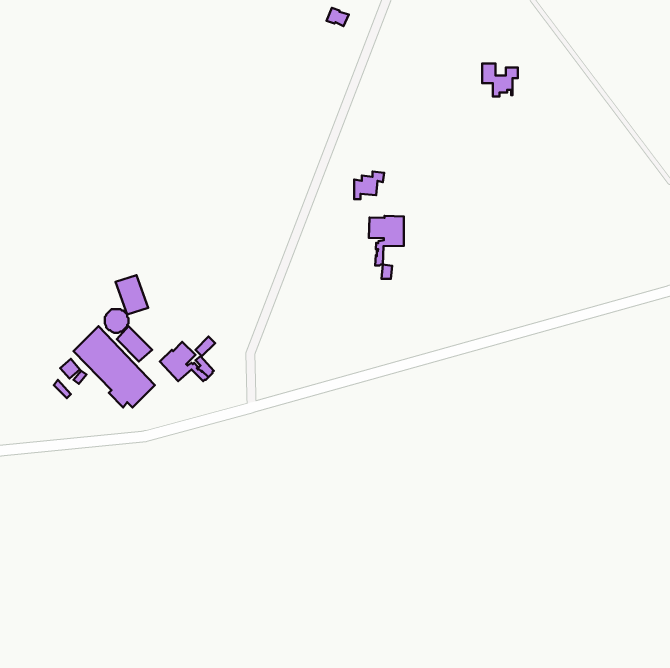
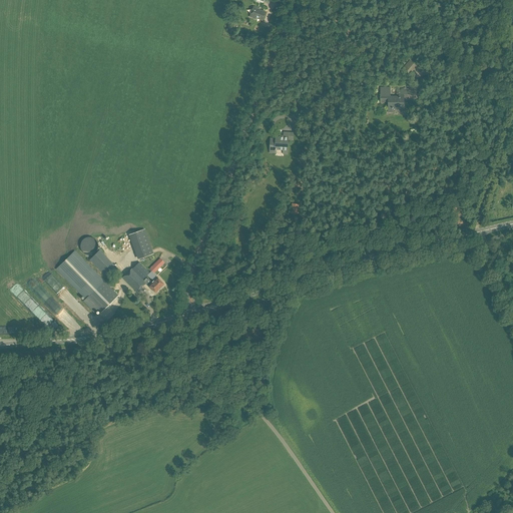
building: [482,64,518,96] -> [381,86,408,111]
building: [369,216,404,265] -> none
building: [115,275,148,314] -> [128,228,153,259]

